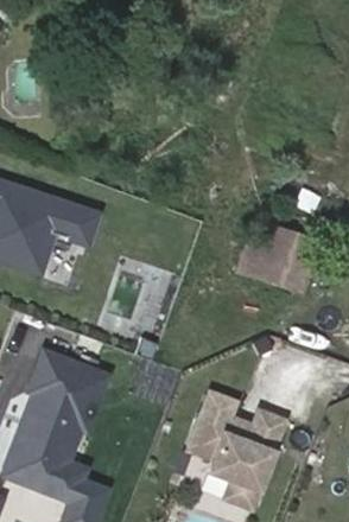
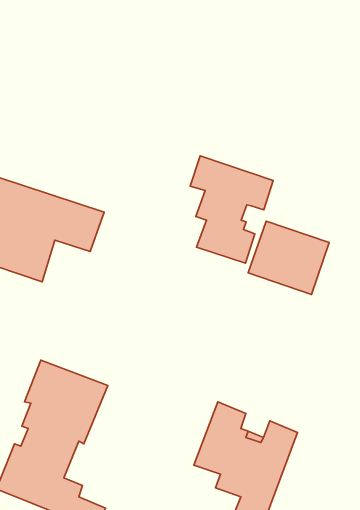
building: none -> [190,156,273,263]

